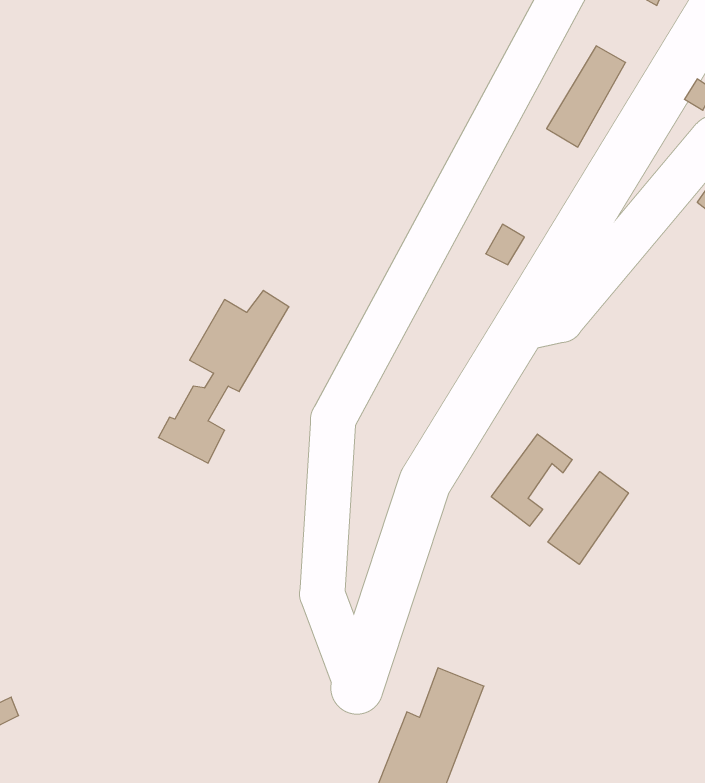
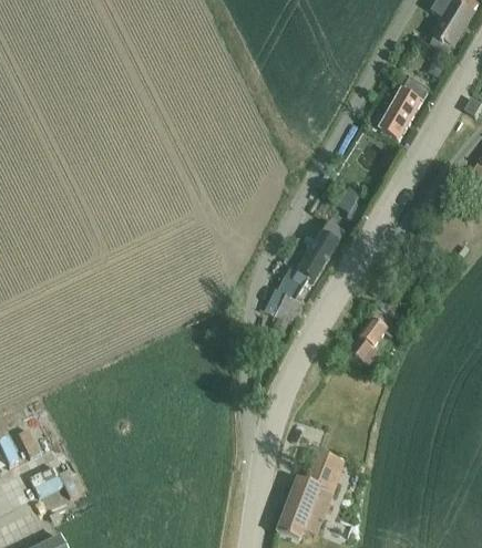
building: [158,290,289,463] -> [264,220,342,324]
building: [548,472,628,564] -> none

